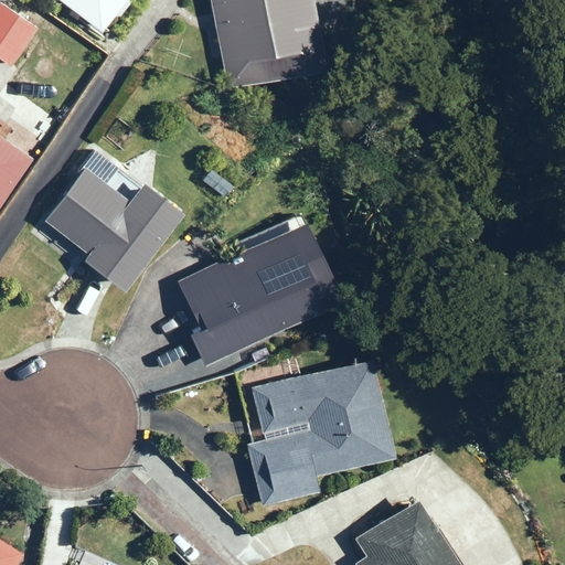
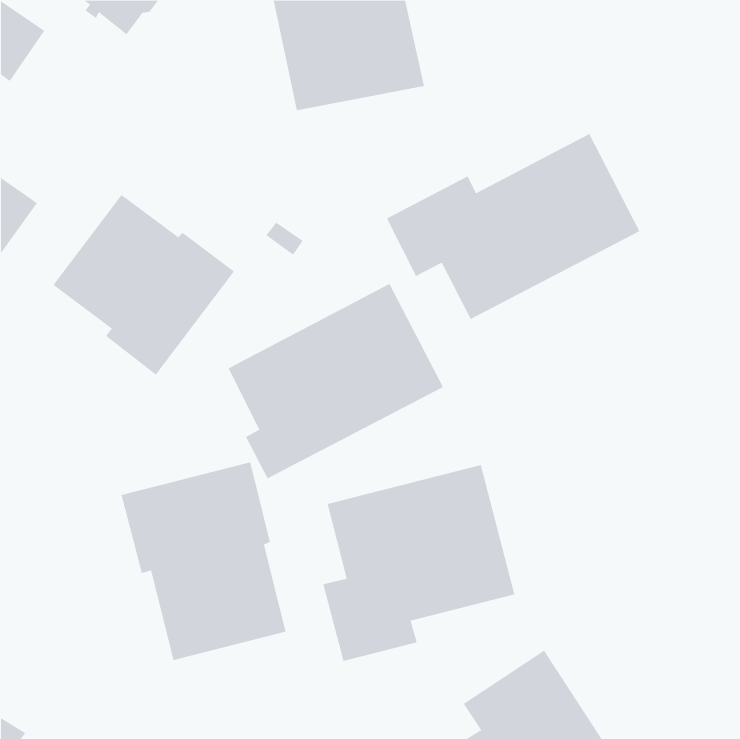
building: none -> [386,133,640,320]
building: none -> [121,462,286,661]

